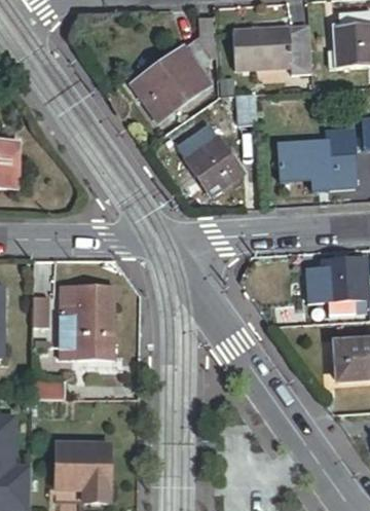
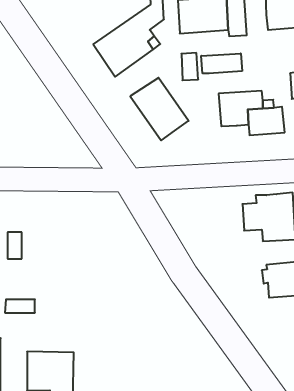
building: none -> [201,53,242,73]
building: [59,283,112,354] -> none

